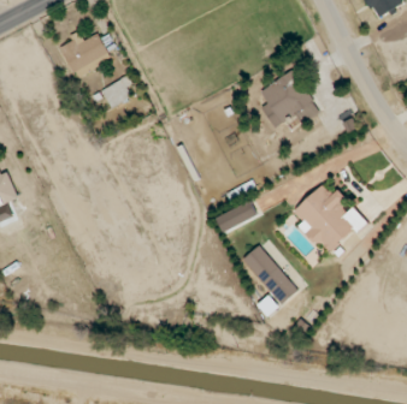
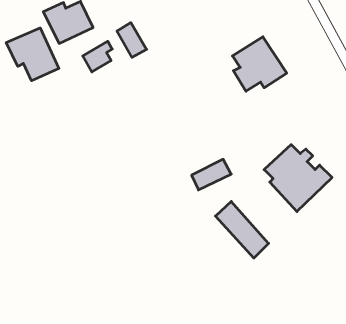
building: none -> [117,23,147,57]
building: none -> [6,28,59,81]

